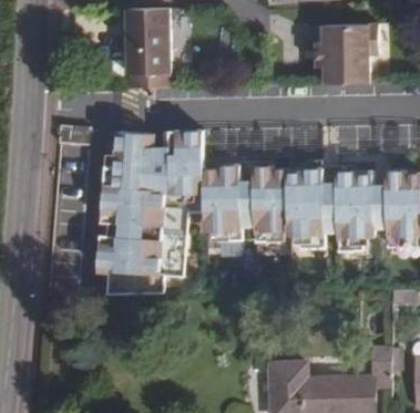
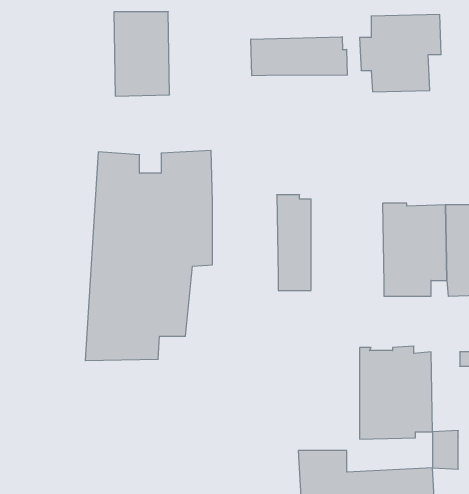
building: none -> [251,37,347,76]
building: [202,164,253,237] -> none
building: [278,166,335,238] -> [360,346,433,439]

